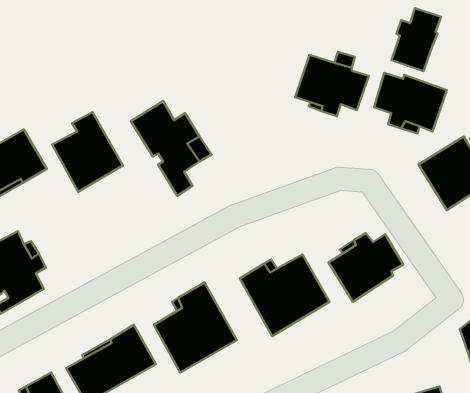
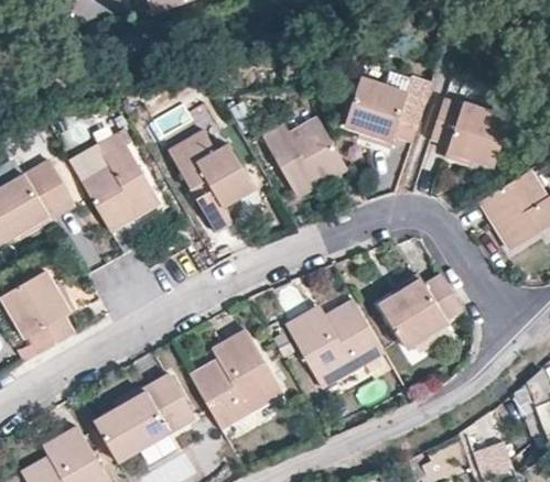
building: [391,8,441,71] -> none
building: none -> [263,116,348,195]
building: none -> [68,129,125,178]

